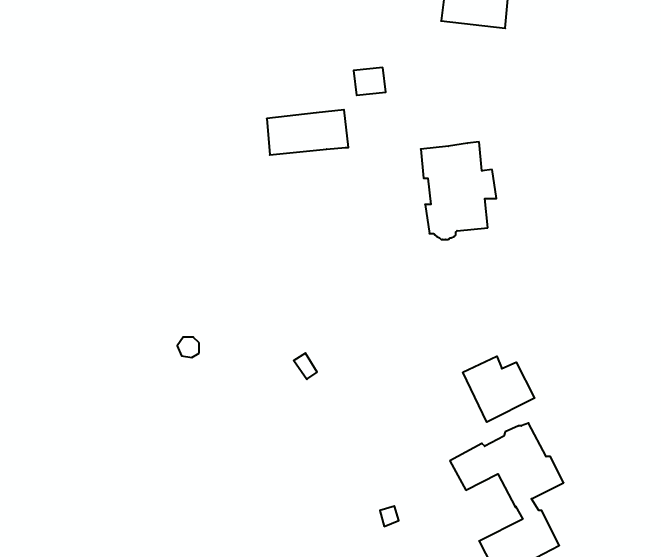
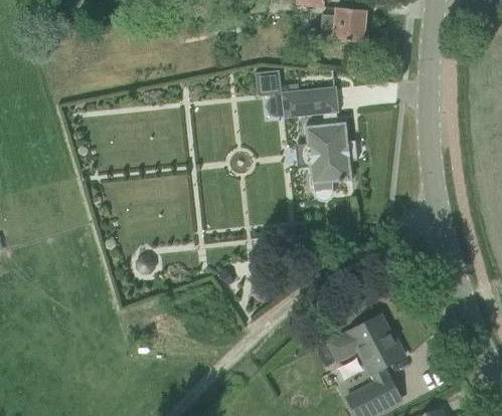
building: [267,110,348,155] -> [282,86,338,118]
building: [463,356,535,422] -> none

